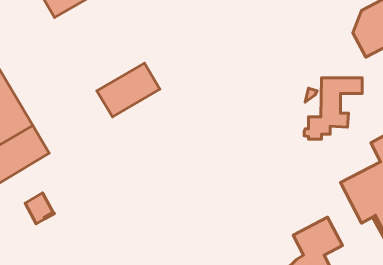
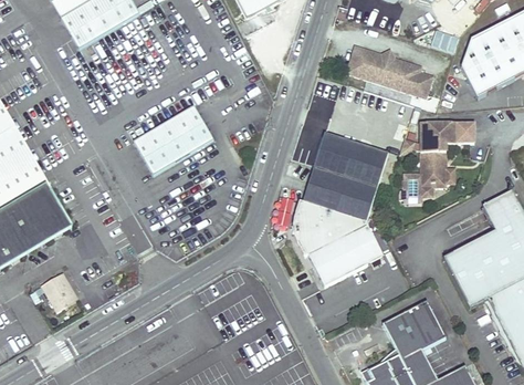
building: none -> [346,45,431,96]
building: none -> [294,133,388,285]

